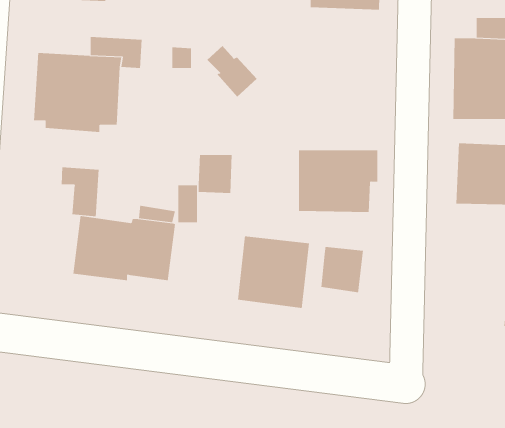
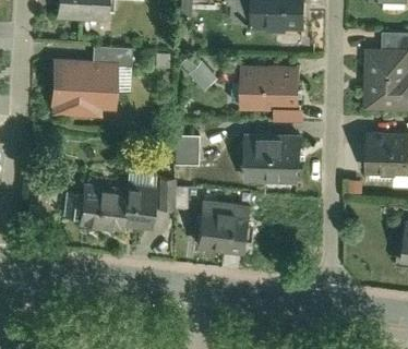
building: none -> [244,62,304,124]
building: [61,167,99,217] -> none
building: [321,246,363,293] -> none

